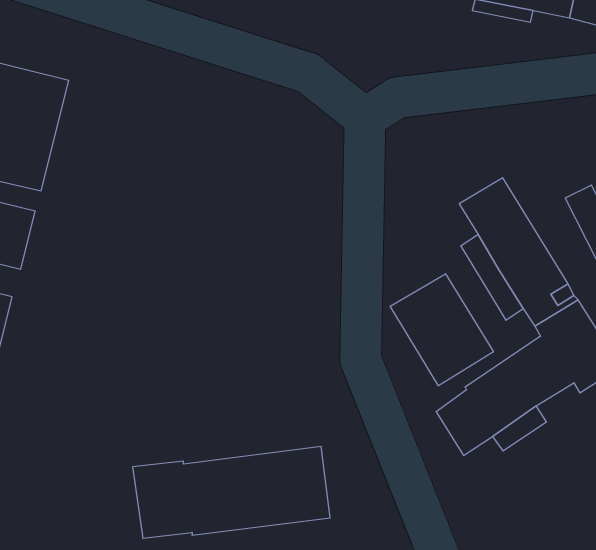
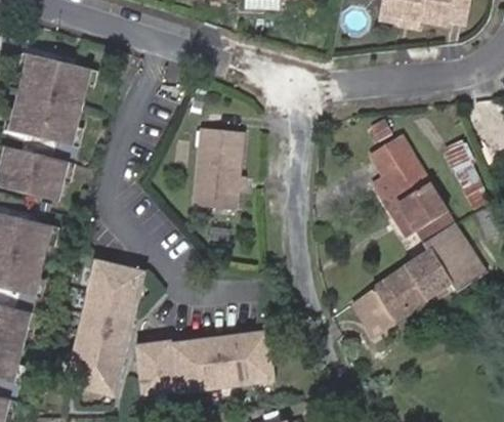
building: none -> [192,128,240,207]
building: [390,274,493,386] -> none
building: none -> [69,259,148,395]

